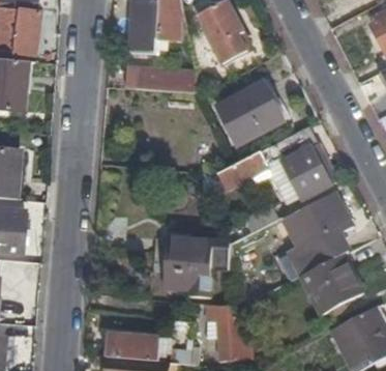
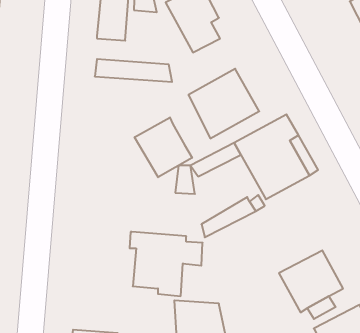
building: none -> [135,117,192,177]
building: [289,192,349,276] -> none

